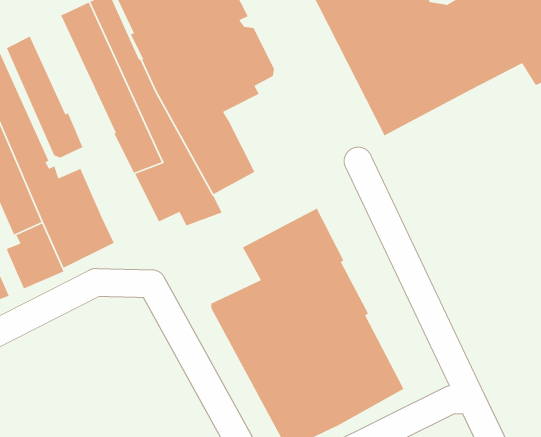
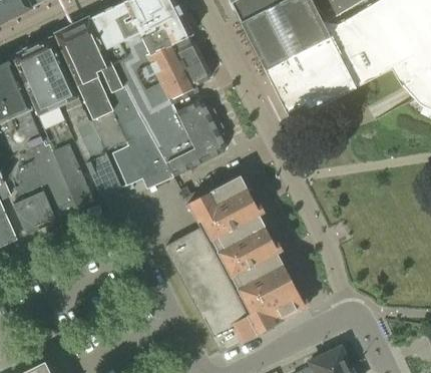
building: none -> [31,40,121,197]
building: none -> [165,97,227,178]

